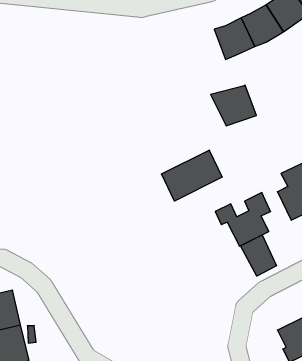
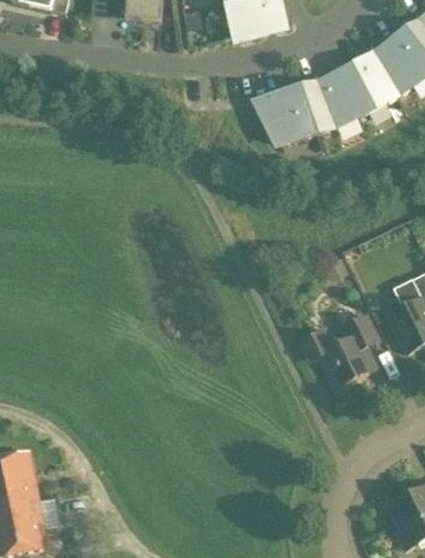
building: [211,85,256,126] -> [255,88,319,144]
building: [161,150,222,201] -> none
building: [240,235,276,276] -> none

